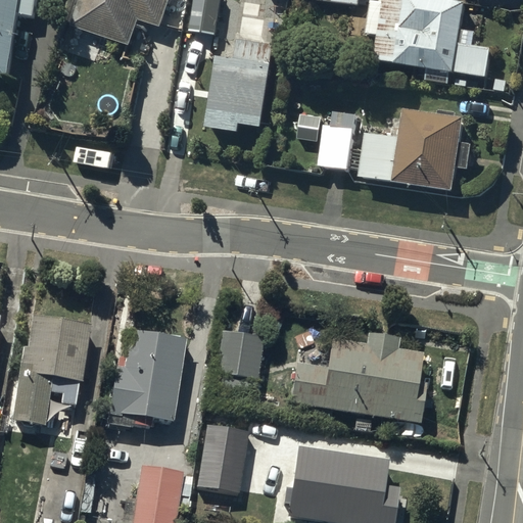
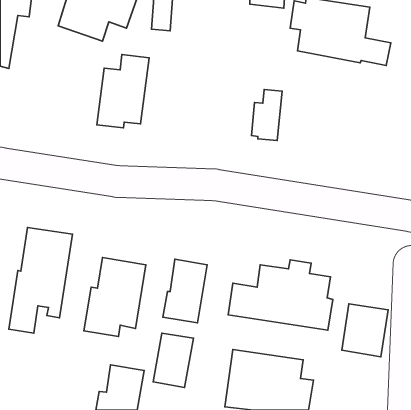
building: [208,49,275,142] -> [97,54,149,128]
building: [363,115,474,196] -> none
building: none -> [342,304,388,357]

